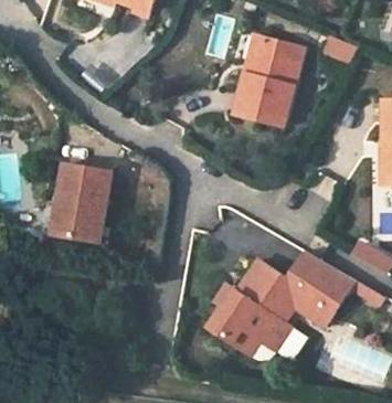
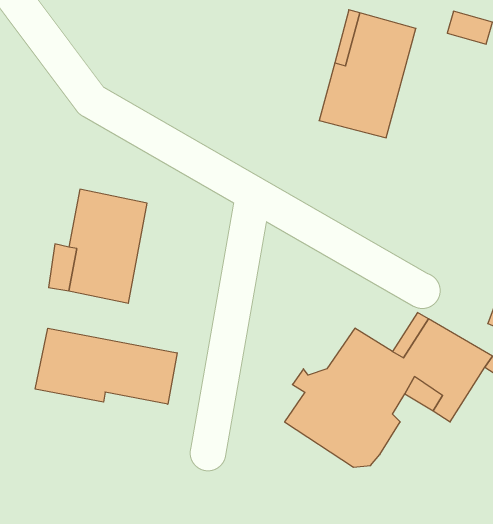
building: none -> [35,328,177,404]

